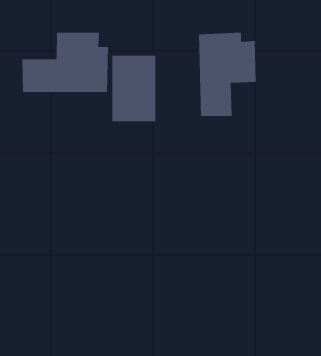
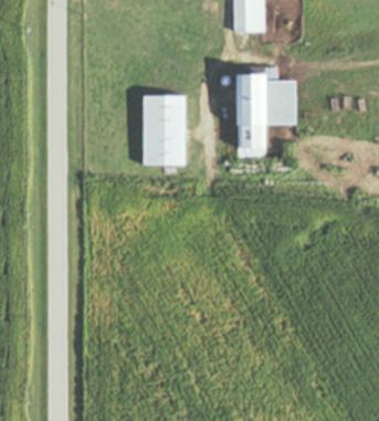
building: [22,32,108,93] -> none

